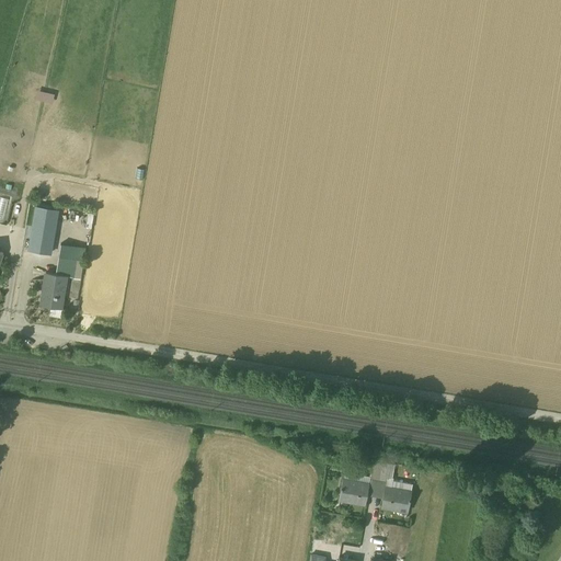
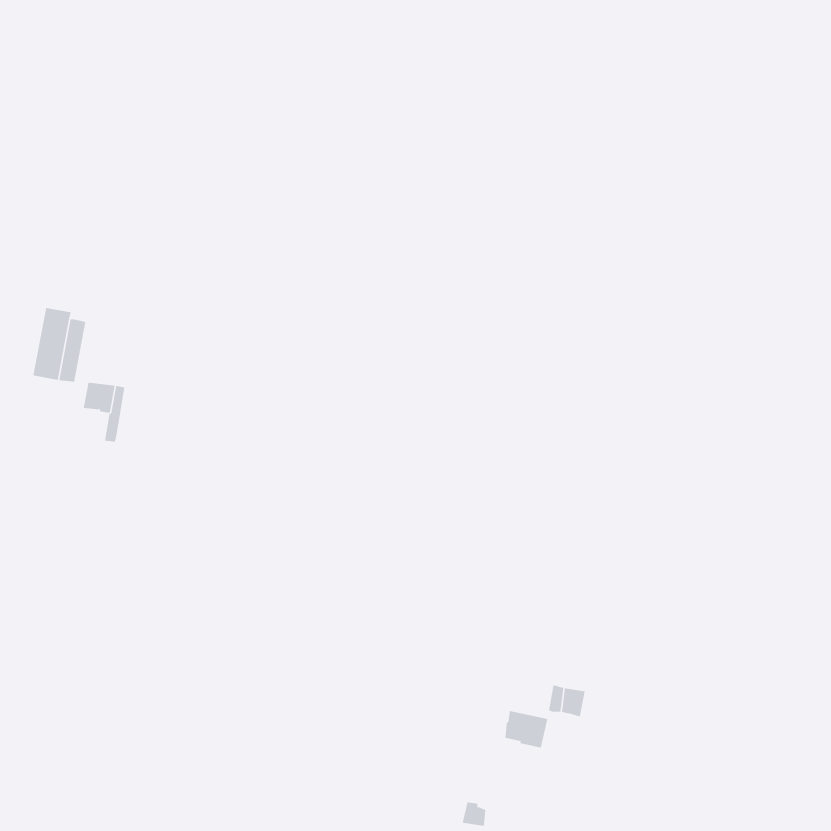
building: [41,273,67,309] -> none
building: [382,486,411,510] -> none

